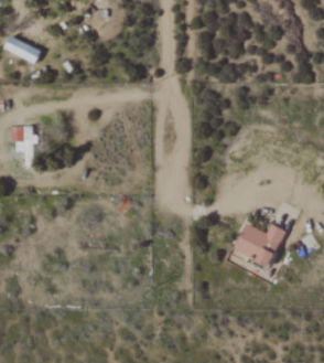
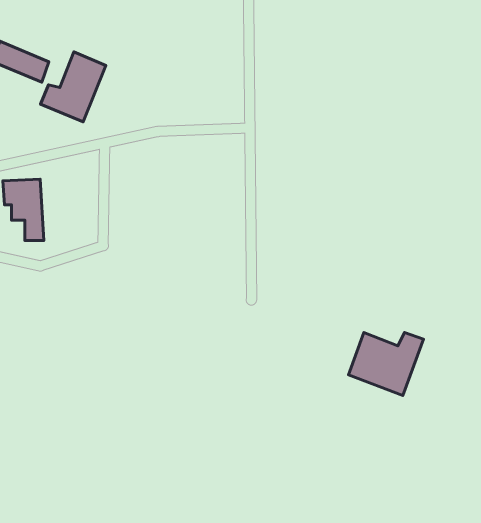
building: none -> [40,52,106,122]

